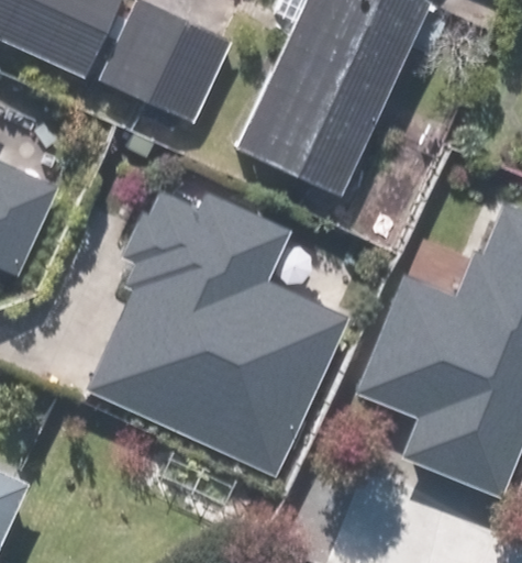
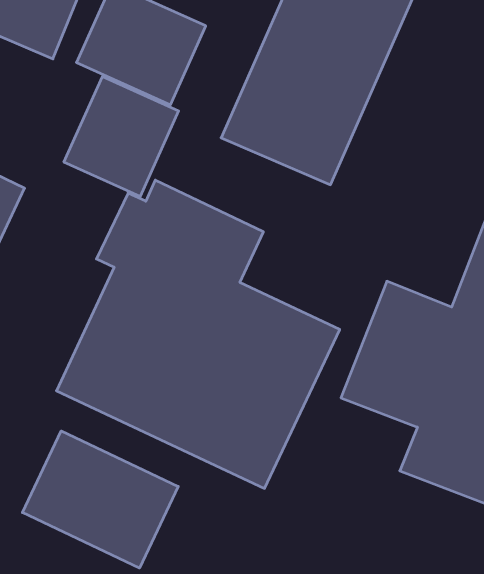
building: none -> [64,77,179,197]
building: none -> [22,431,178,568]

